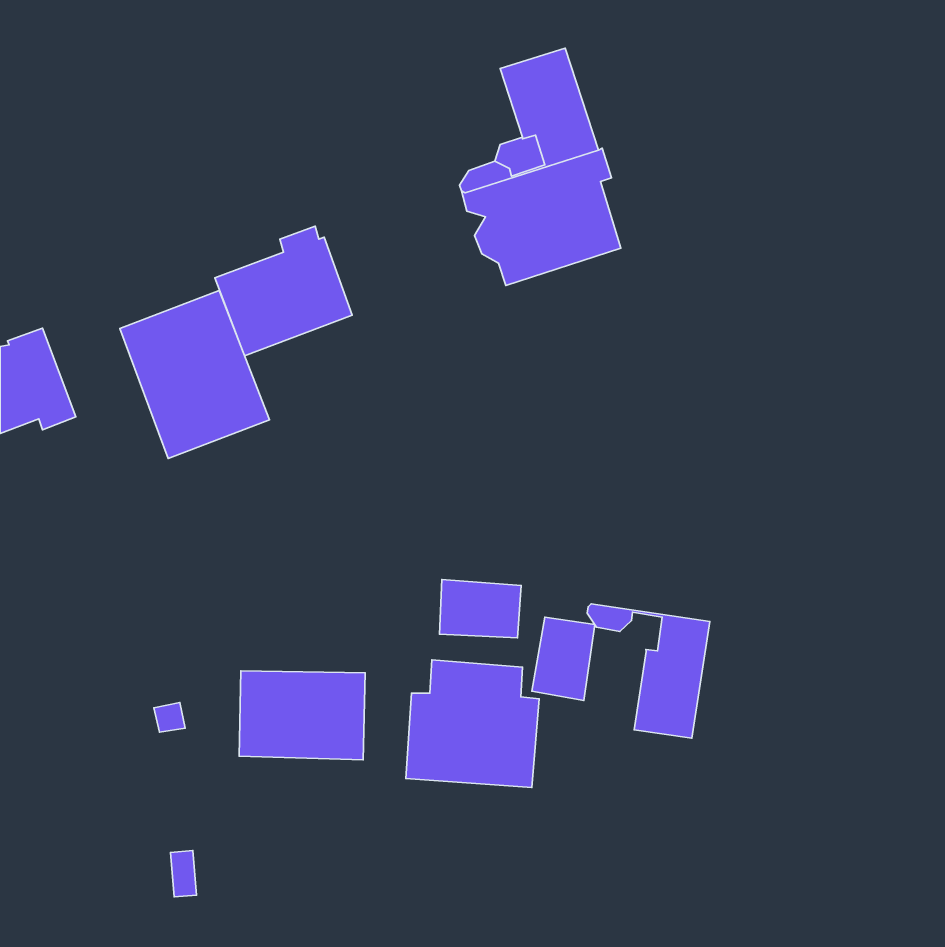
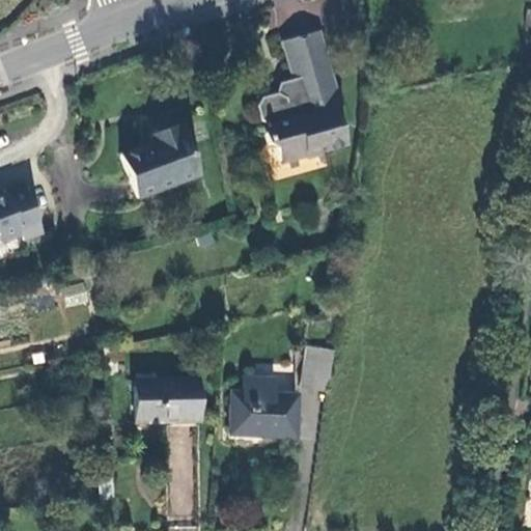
building: [120,291,270,458] -> none
building: [439,579,521,638] -> none
building: [587,604,710,738] -> none

